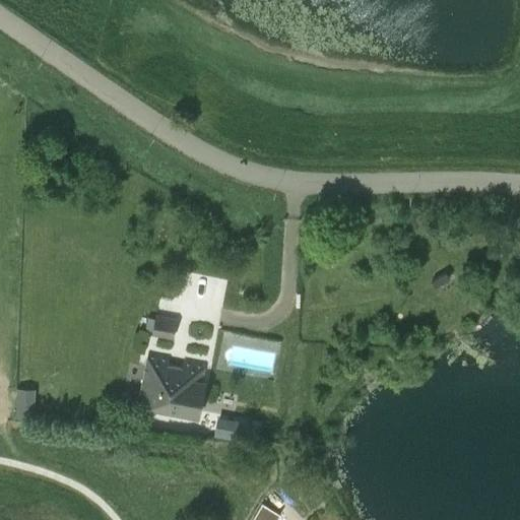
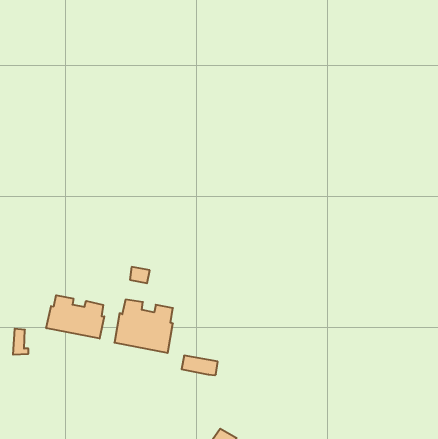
building: none -> [46,295,104,339]

